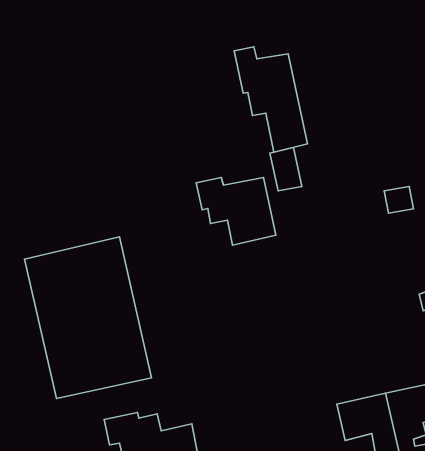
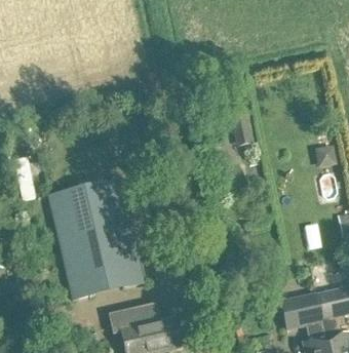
building: [234,47,307,152] -> none
building: [196,177,276,245] -> none

